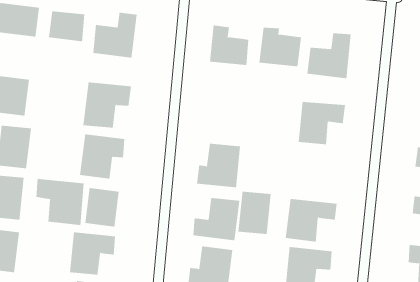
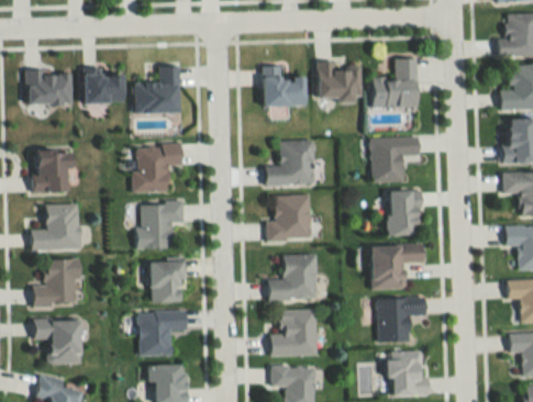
building: none -> [265,141,313,185]
building: [36,178,84,226] -> none
building: [238,191,272,235] -> [387,189,421,235]

